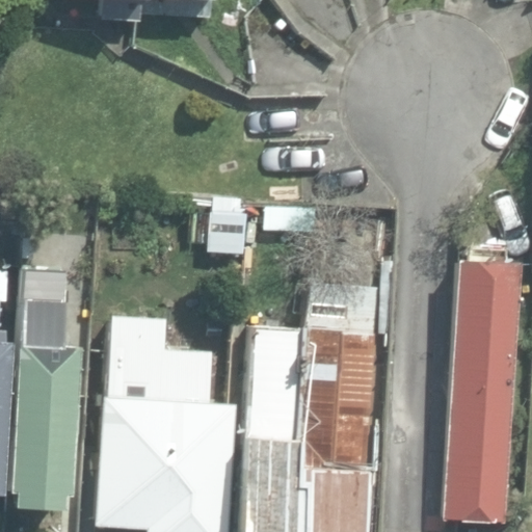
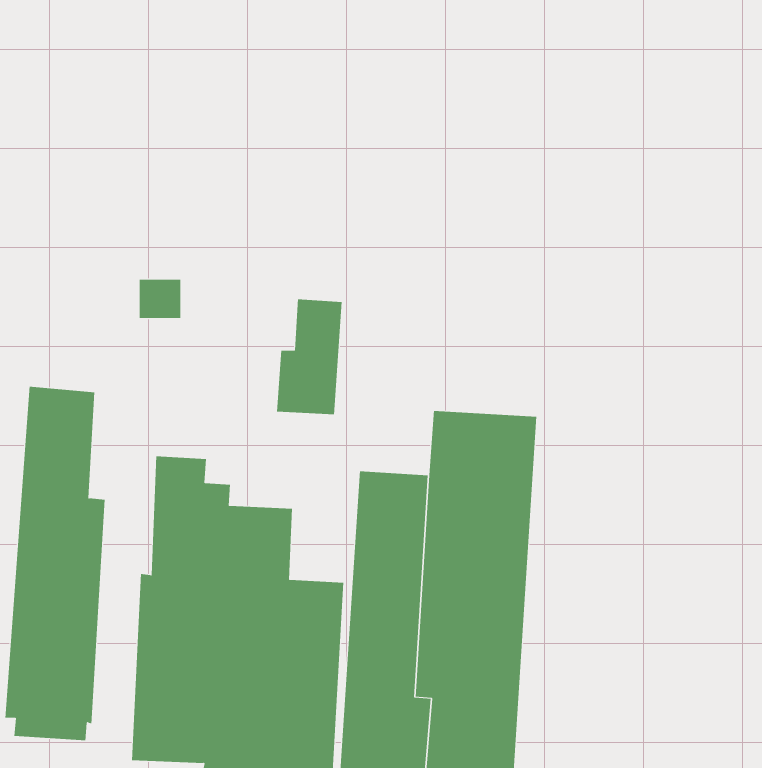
building: [446,262,520,523] -> none

